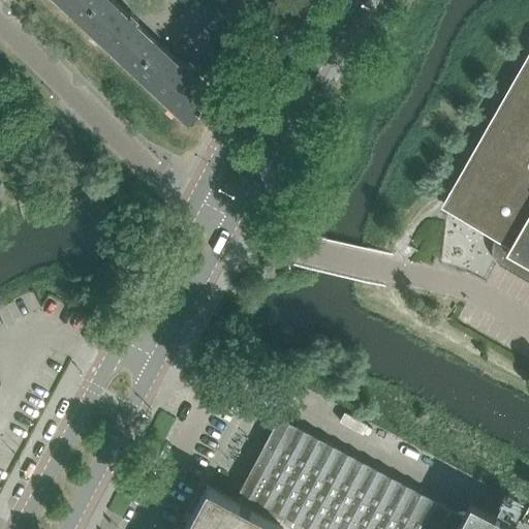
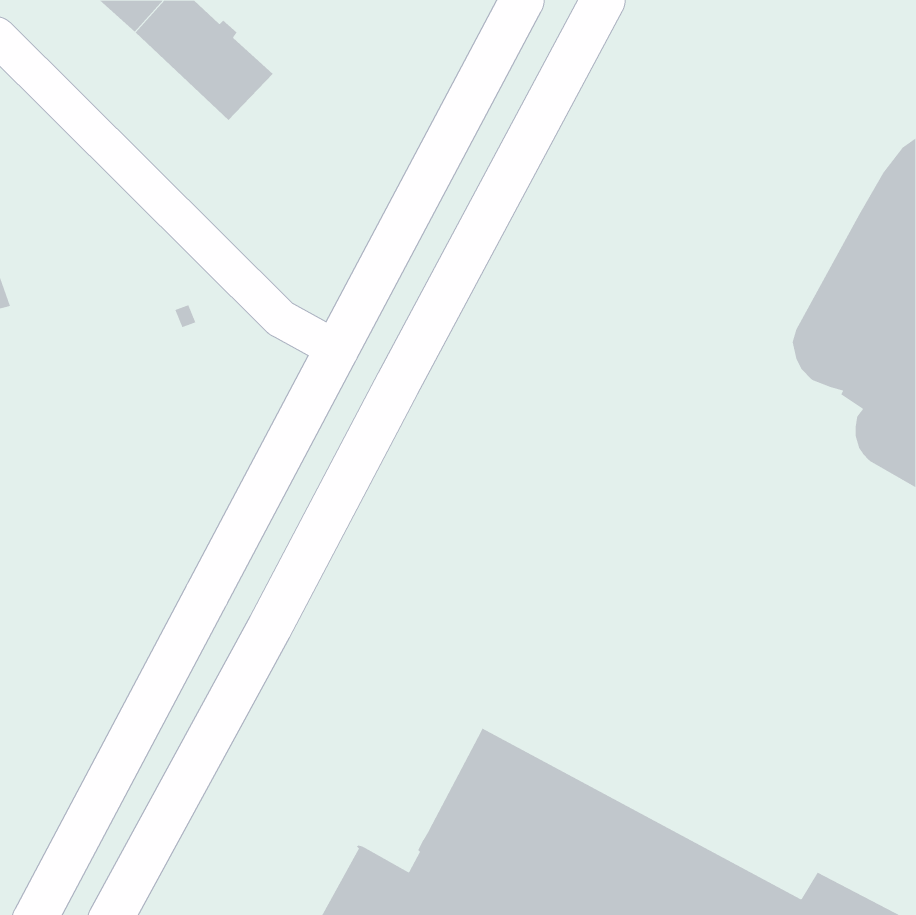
building: [131,45,212,124] -> none

